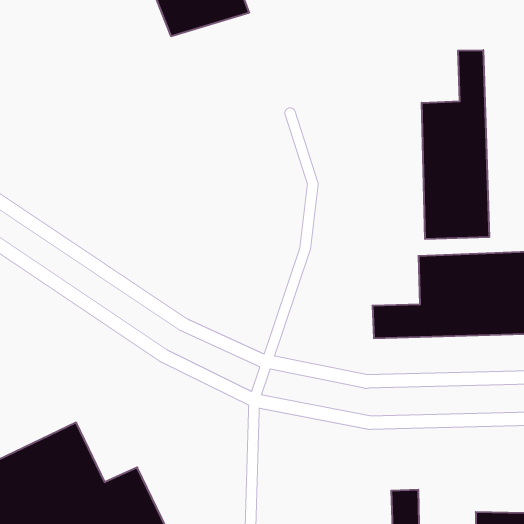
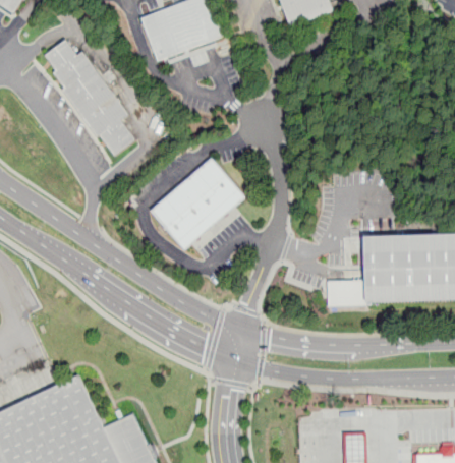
building: none -> [43,41,134,157]
building: [422,50,489,239] -> none
building: none -> [149,159,243,250]

